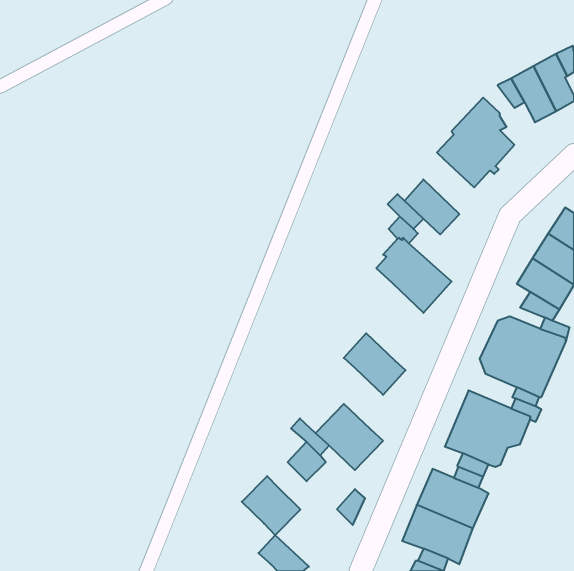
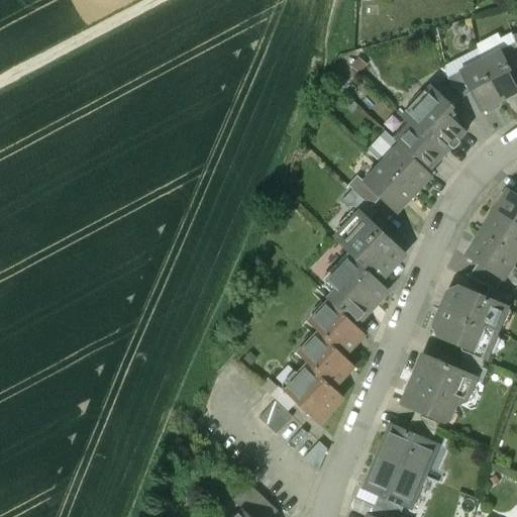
building: none -> [381,143,431,193]
building: none -> [327,254,390,325]
building: none -> [299,331,354,387]
building: [242,476,300,535] -> none

